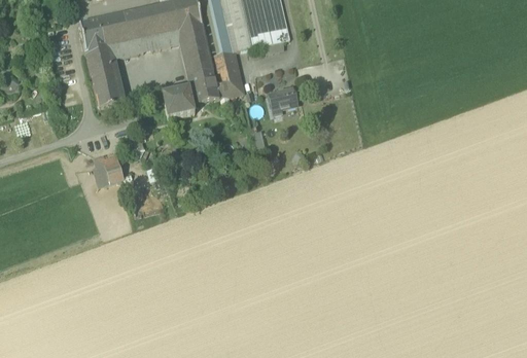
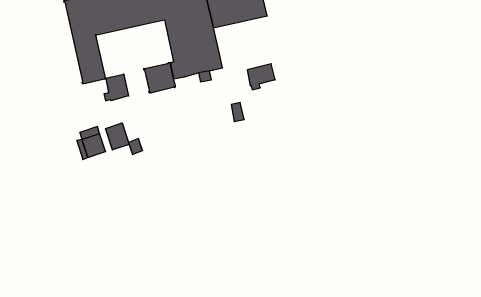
building: none -> [104,74,129,101]
building: none -> [105,123,129,150]

